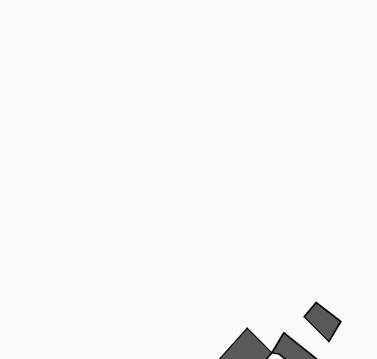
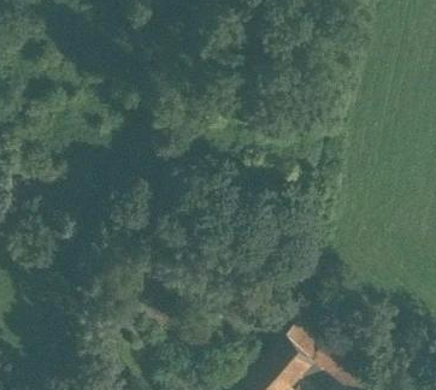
building: [304,303,341,341] -> [284,324,322,364]

